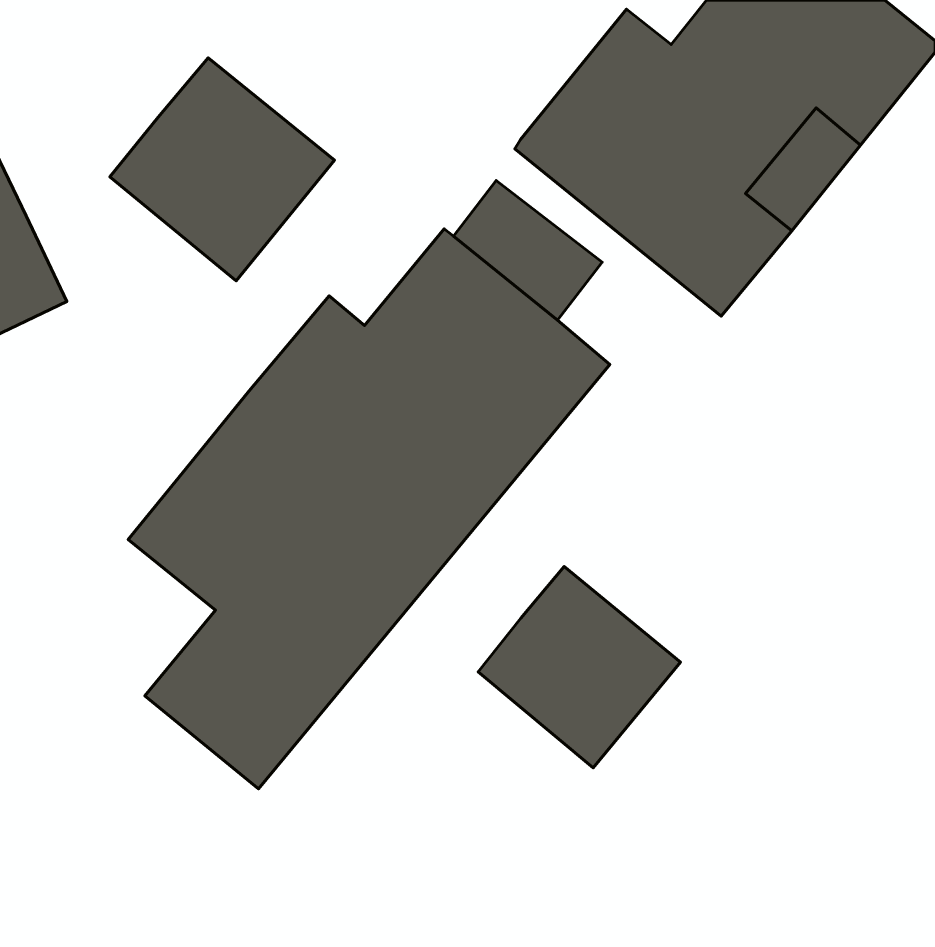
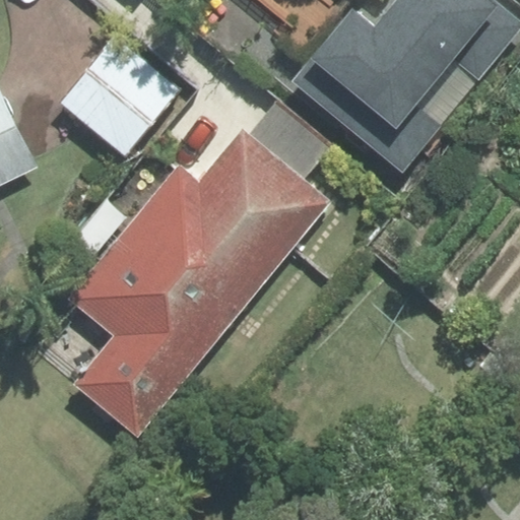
building: [478,566,681,768] -> none

